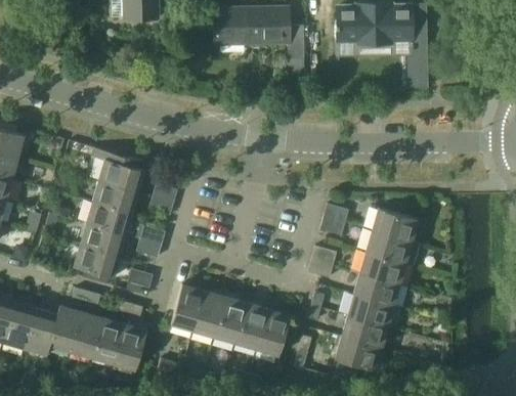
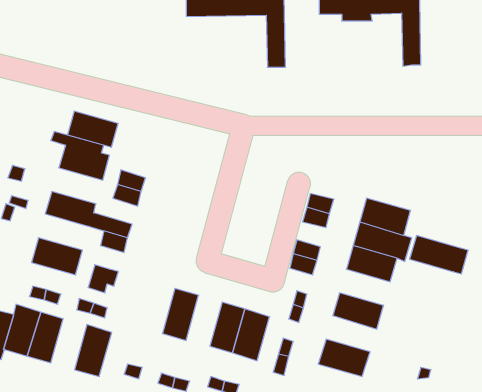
building: [92,180,138,213] -> [67,111,118,147]
building: [80,222,126,255] -> none
building: [353,272,406,307] -> [410,236,468,274]
building: [170,283,204,331] -> none
building: [214,296,247,342] -> none
building: [341,314,387,347] -> none
building: [91,317,124,363] -> none

